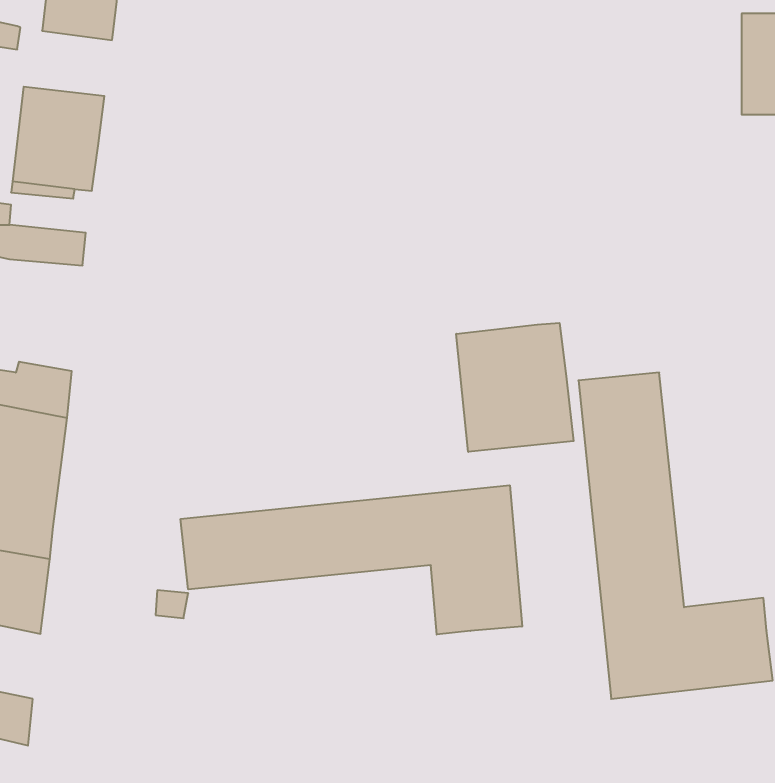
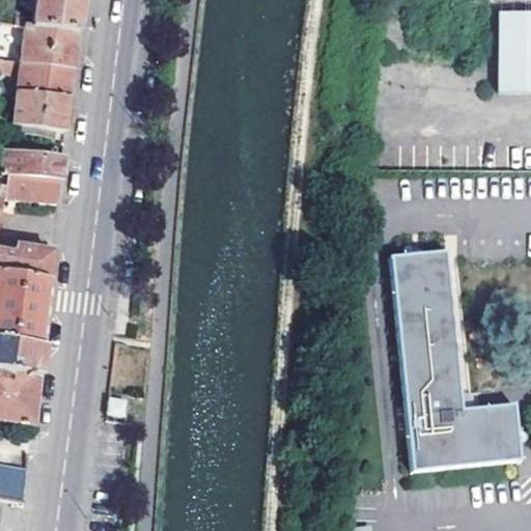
building: none -> [15,22,80,65]
building: none -> [10,174,60,201]
building: [456,323,574,452] -> none
building: [181,485,522,635] -> none

